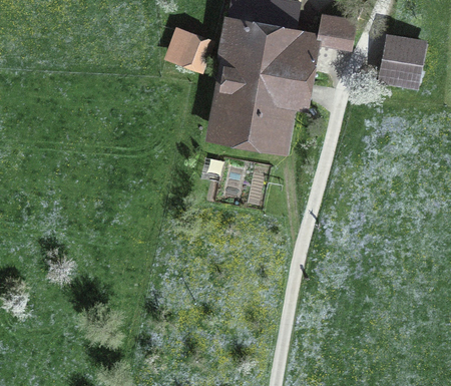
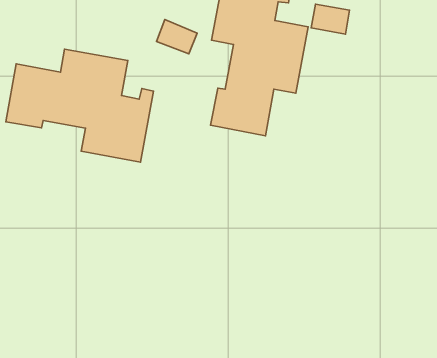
building: [381,37,426,87] -> none
building: none -> [6,49,154,162]

